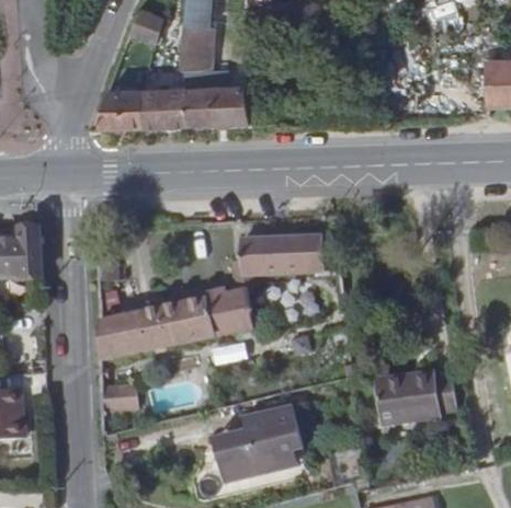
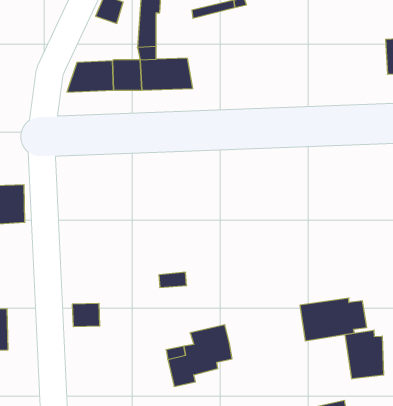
building: [241,235,327,278] -> none
building: [99,291,254,361] -> none
building: none -> [345,330,384,379]
building: [248,427,308,477] -> none

